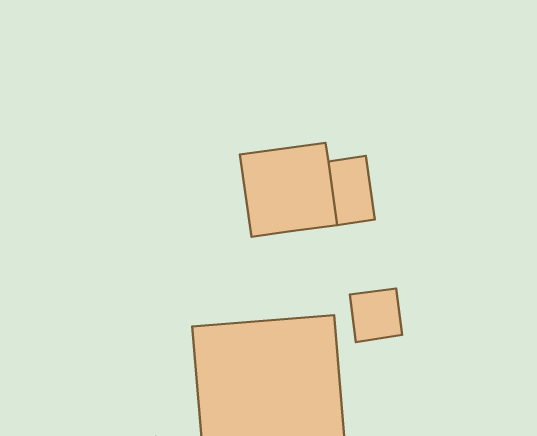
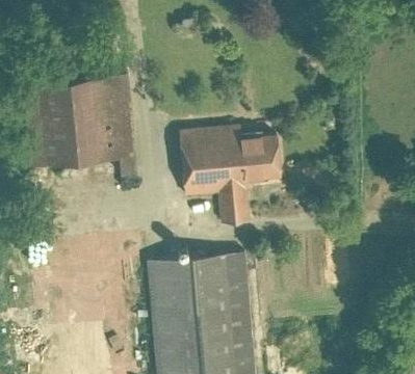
building: none -> [34,78,131,165]
building: [350,289,402,342] -> [217,187,255,225]

